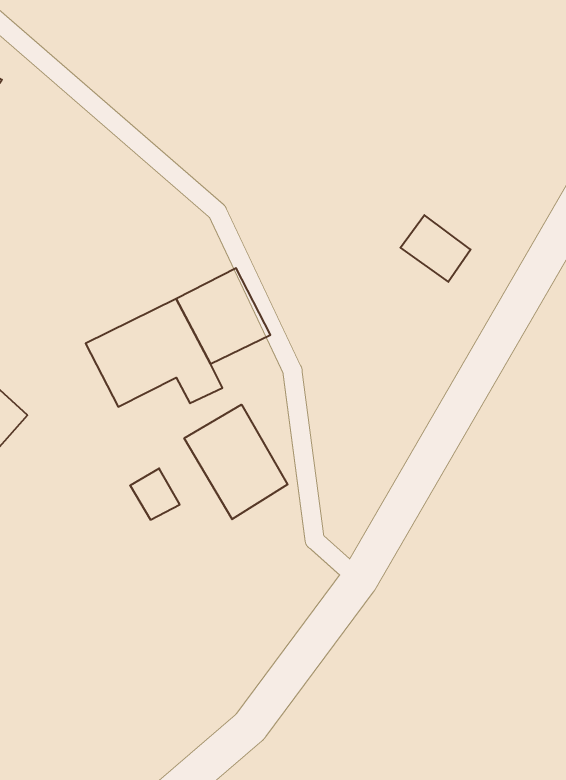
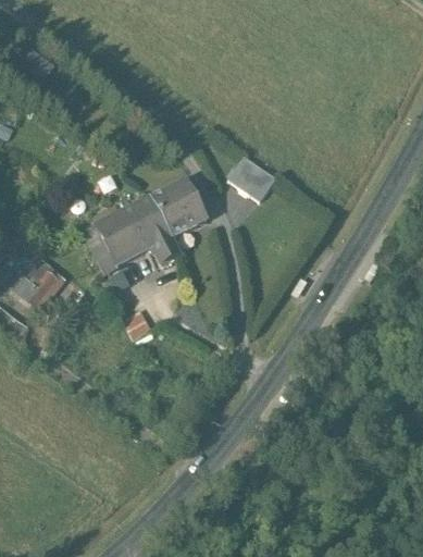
building: [400,215,471,282] -> [226,158,271,200]
building: [184,405,288,519] -> none

